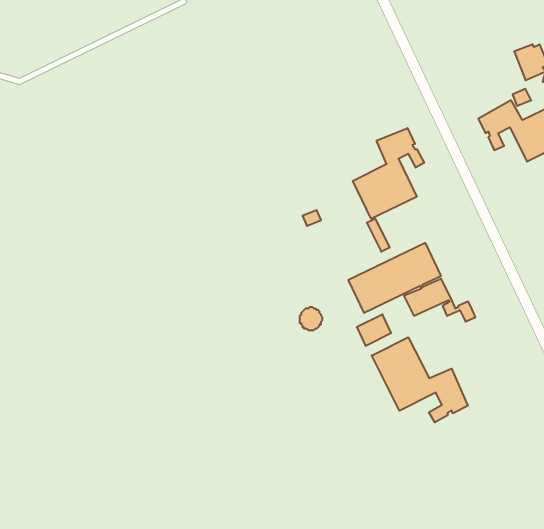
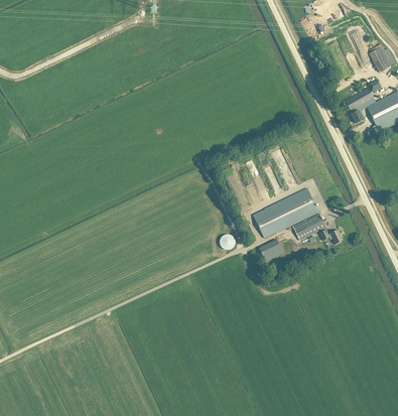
building: [353,128,424,219] -> none
building: [372,337,468,422] -> none

